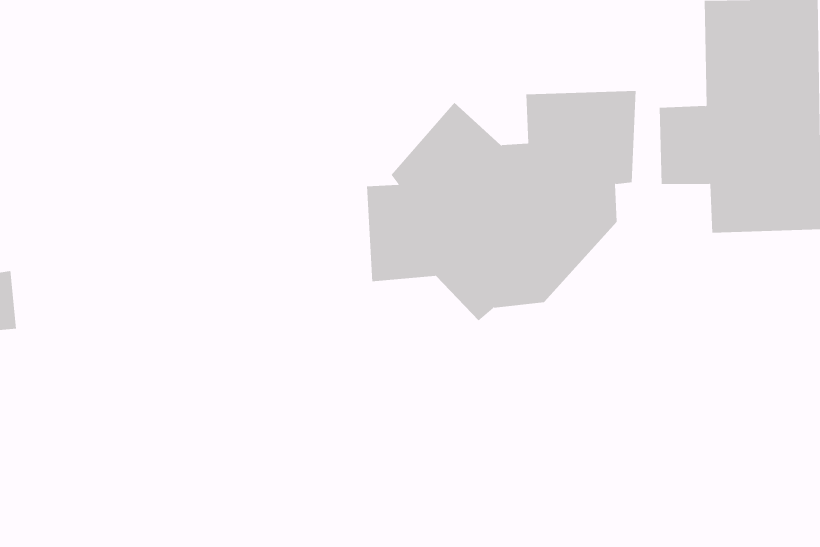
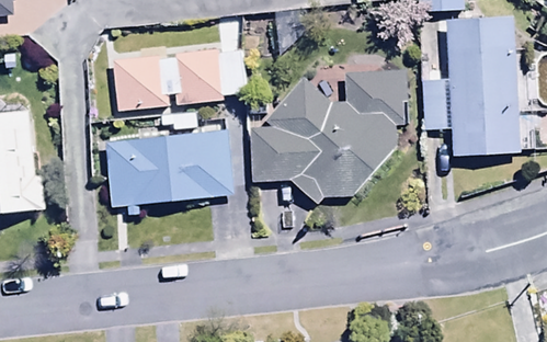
building: none -> [113,50,246,113]
building: none -> [105,130,230,216]

